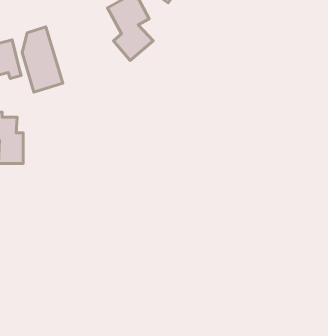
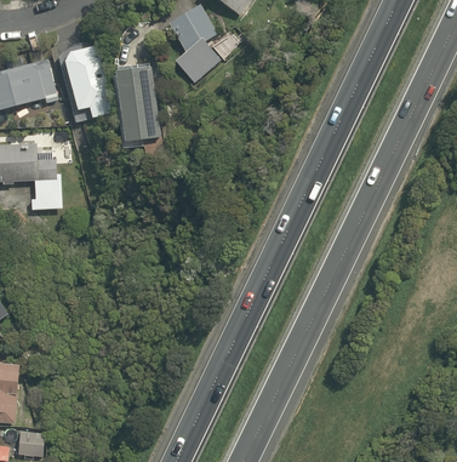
building: none -> [112,65,158,139]

